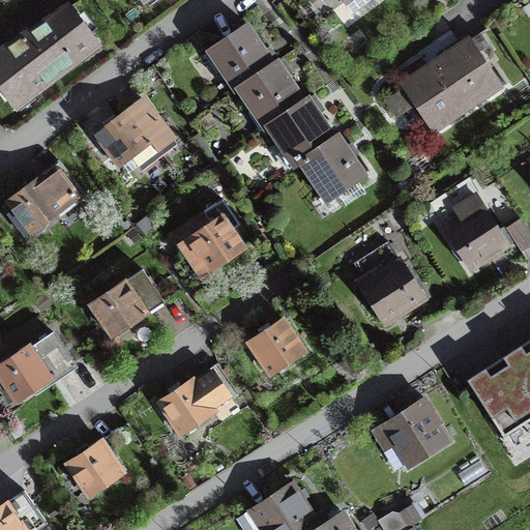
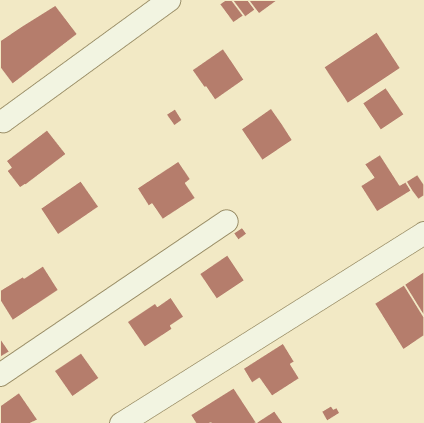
building: [209,25,278,91] -> none
building: [265,98,338,167] -> none
building: [95,99,176,171] -> none
building: none -> [362,87,404,131]
building: [354,242,423,322] -> none
building: [91,269,165,337] -> [40,180,99,235]
building: [375,399,446,466] -> [243,343,300,397]

